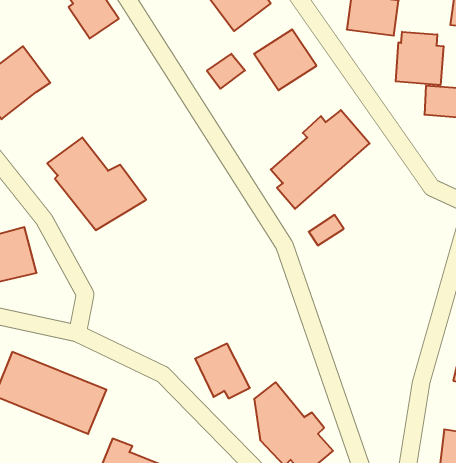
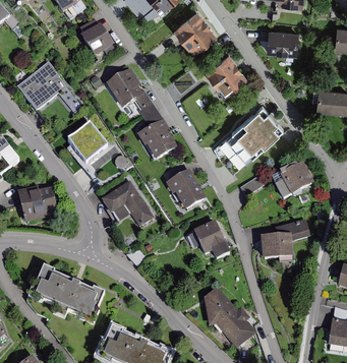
building: [396,32,443,85] -> none
building: none -> [106,68,177,160]
building: none -> [275,162,313,198]
building: none -> [167,170,207,211]
building: none -> [102,181,155,228]
building: none -> [262,217,311,256]
building: [195,344,250,398] -> [193,222,230,258]

